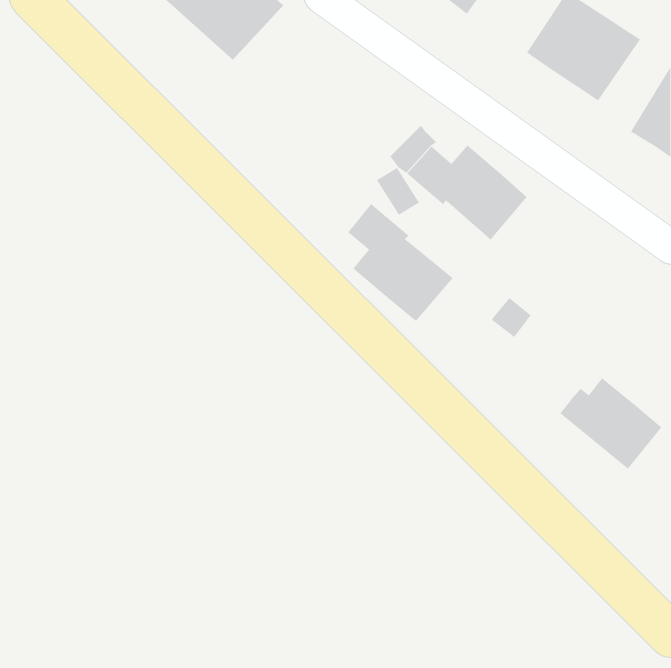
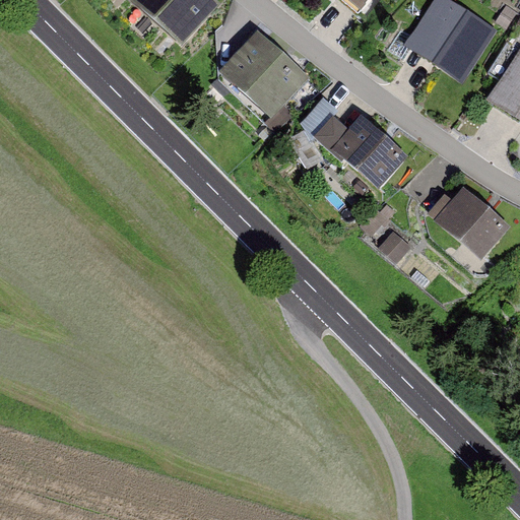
building: none -> [219,32,310,121]
building: [348,203,454,322] -> none
building: [560,378,662,470] -> [430,184,509,255]

